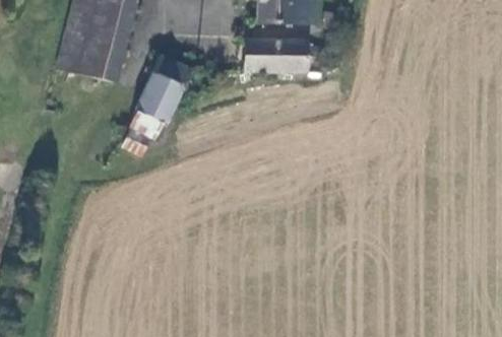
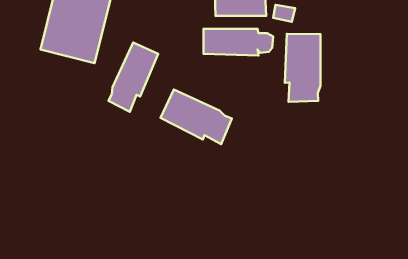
building: none -> [285,34,321,102]
building: none -> [160,89,232,144]

